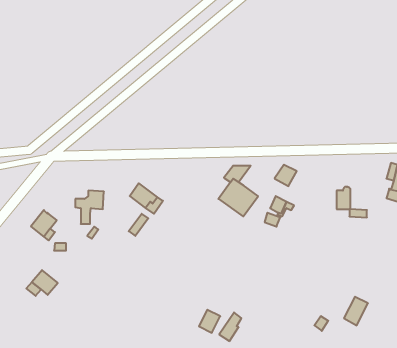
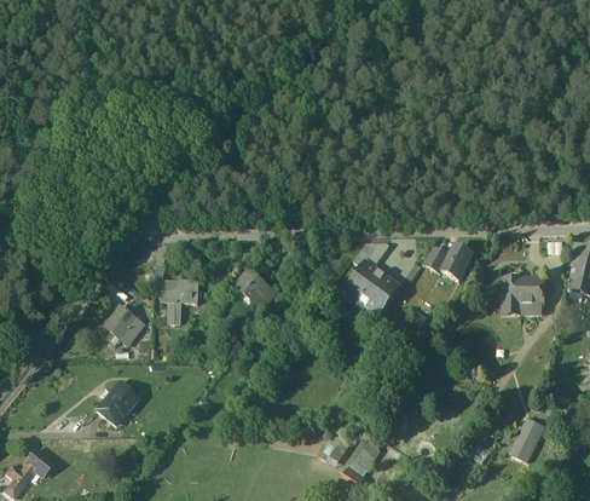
building: none -> [441,244,472,280]
building: none -> [521,278,544,304]

